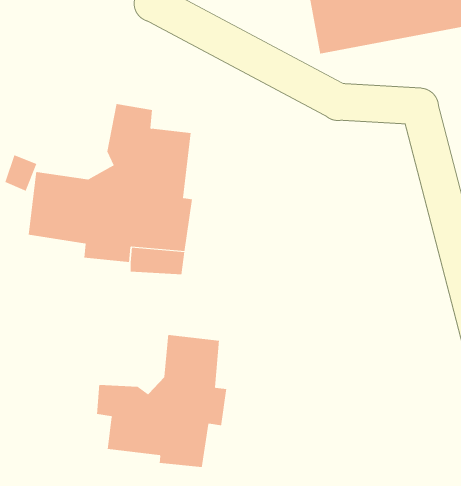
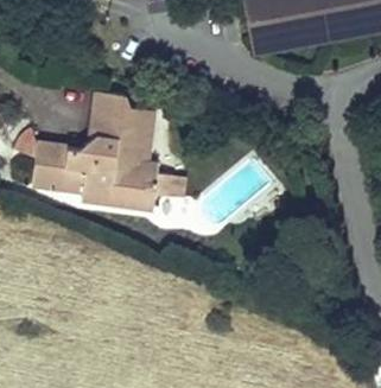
building: [96,334,227,468] -> none

